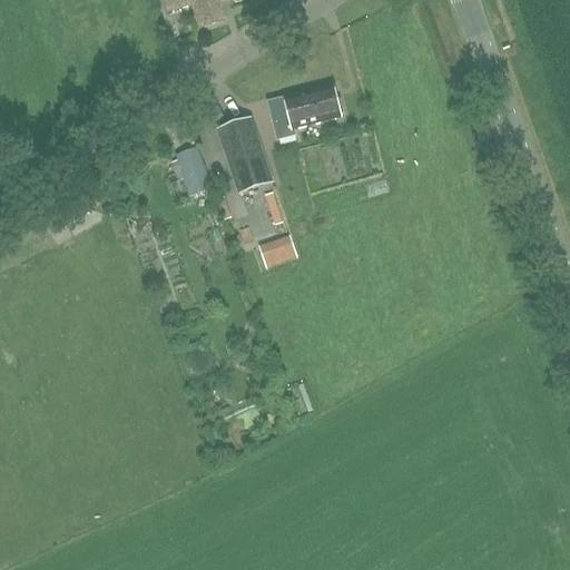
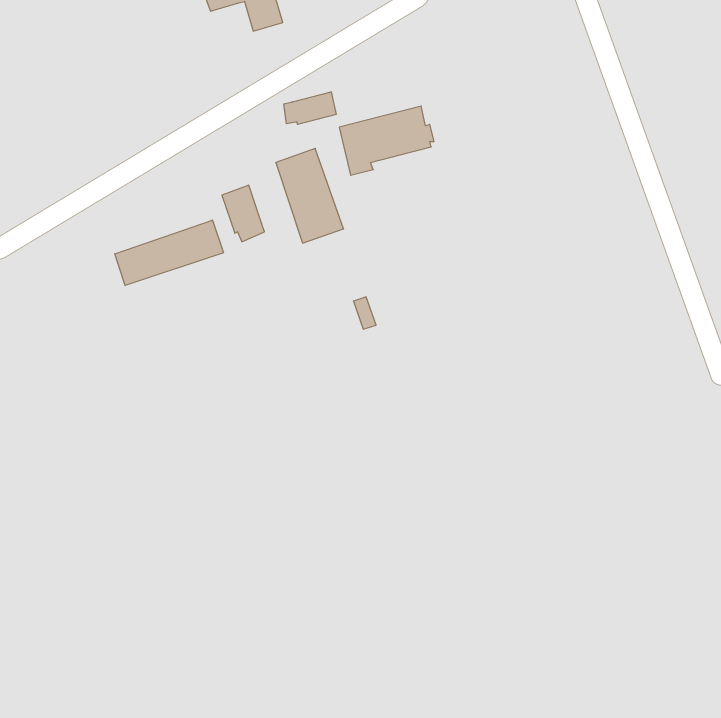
building: none -> [284,92,336,124]
building: none -> [115,220,224,286]

